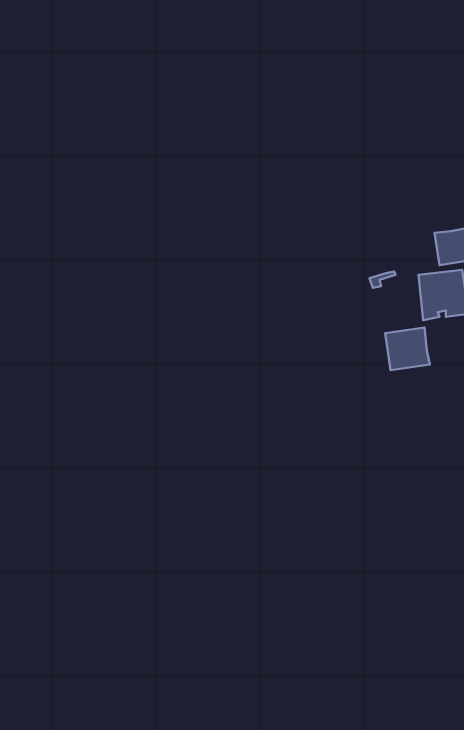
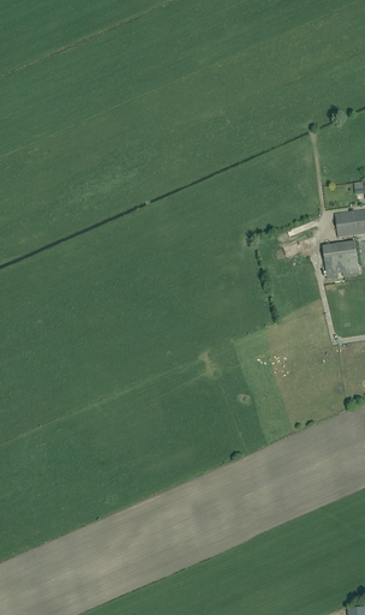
building: [385,327,430,370] -> none

